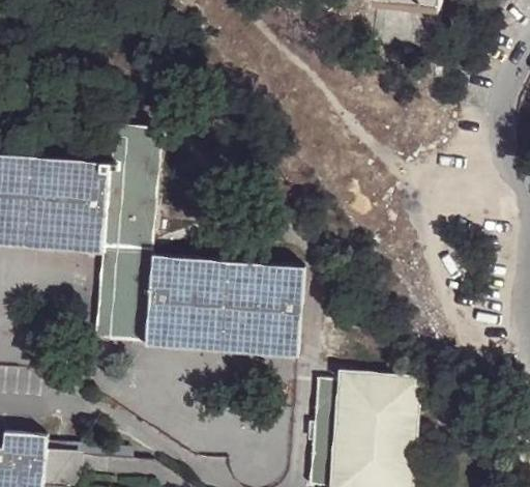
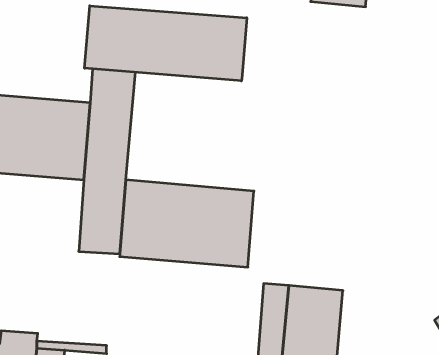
building: none -> [85,6,247,81]

